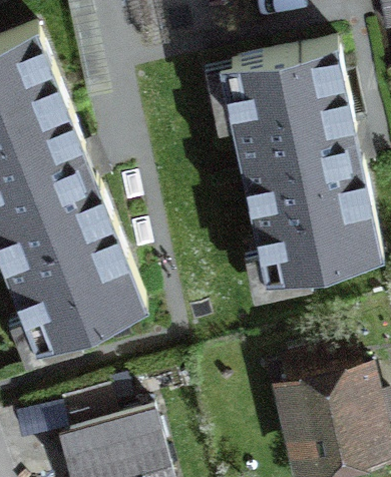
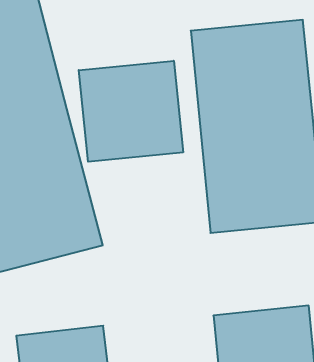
building: none -> [79,61,183,162]

